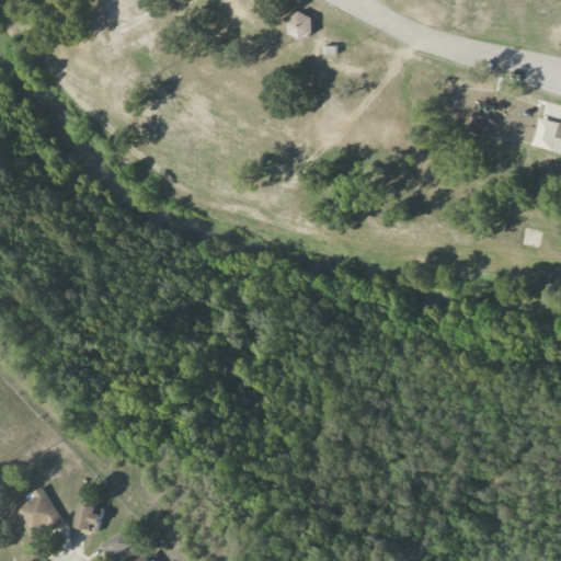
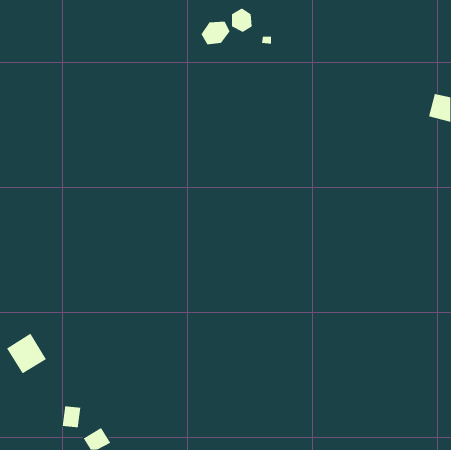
building: none -> [201,21,230,45]
building: [13,488,64,539] -> [6,333,47,374]

